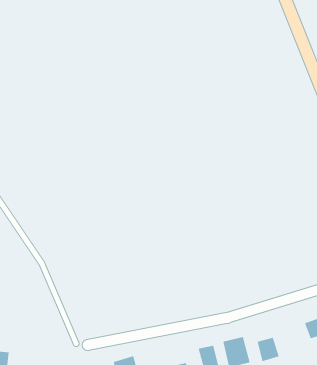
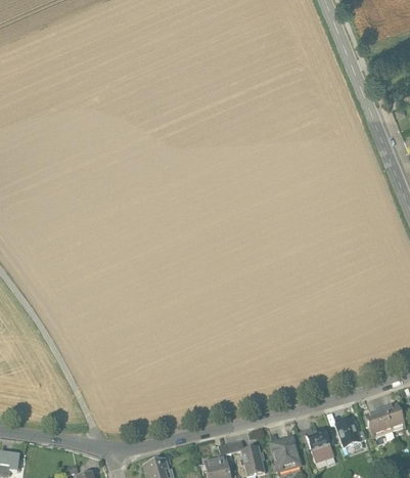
building: none -> [333,415,362,450]

